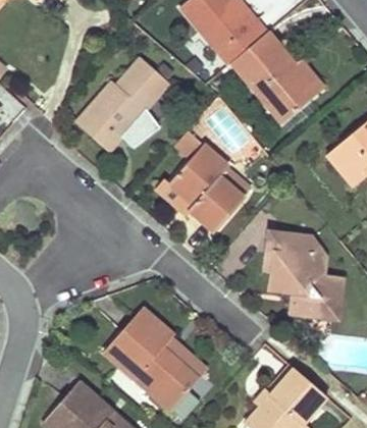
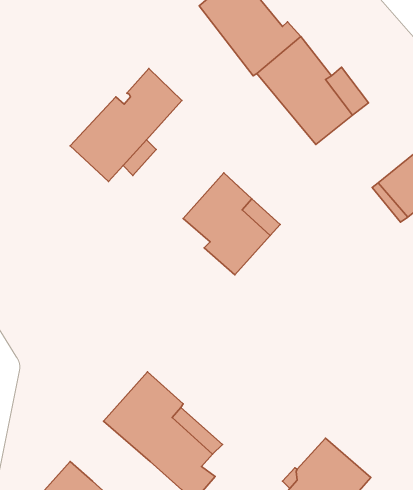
building: [264,230,340,320] -> none

